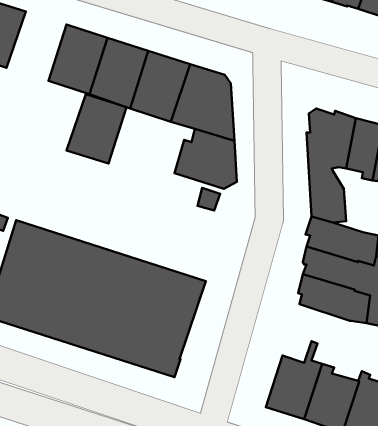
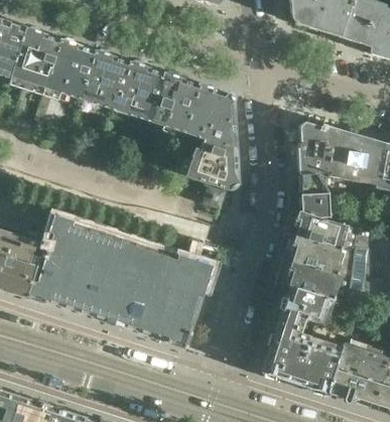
building: [67,94,126,164] -> [43,38,94,97]
building: none -> [275,284,333,333]

